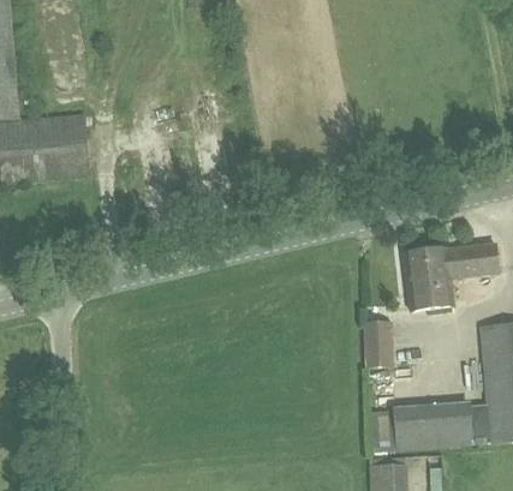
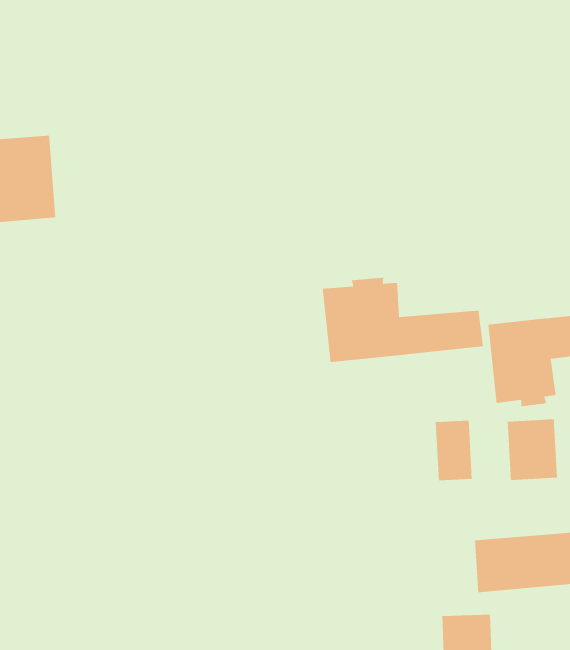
building: none -> [322,277,484,363]
building: none -> [507,418,558,481]

